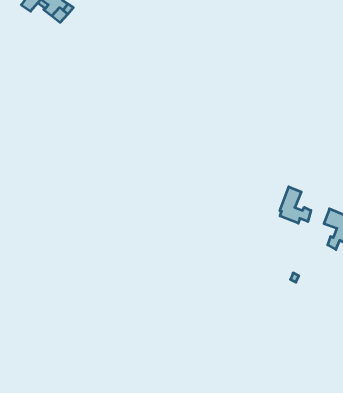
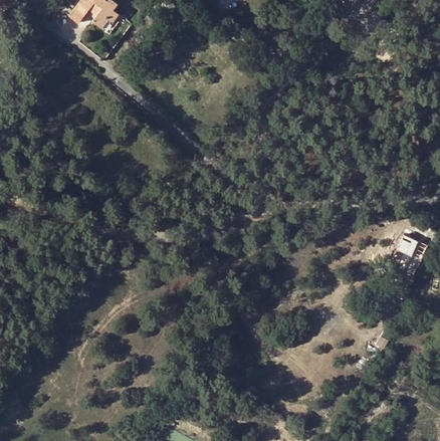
building: [280,187,311,223] -> none

